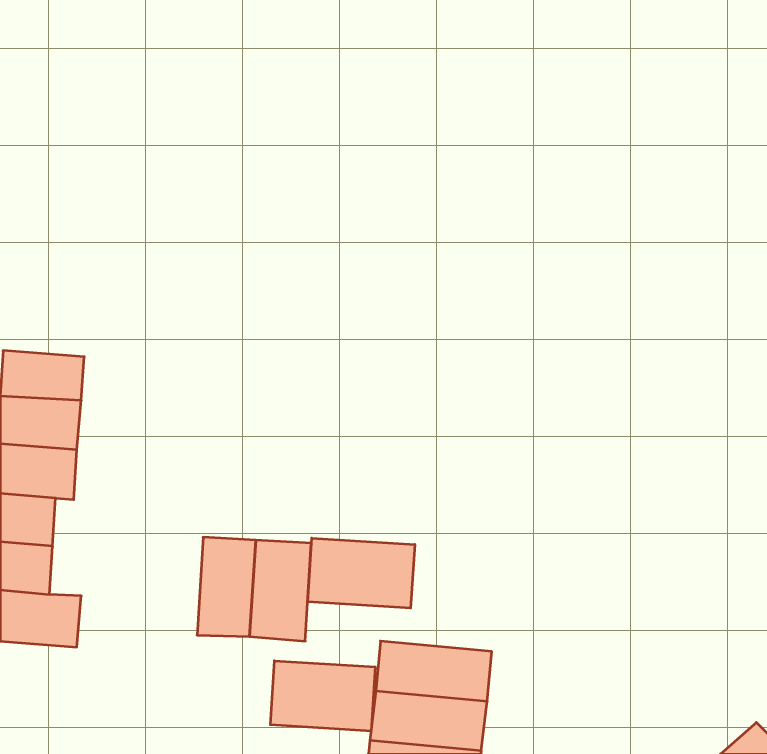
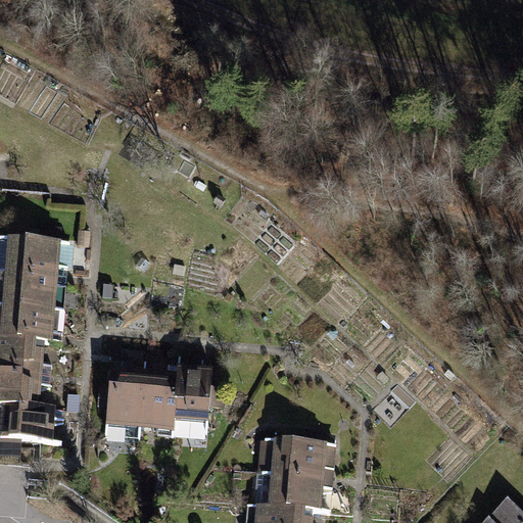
building: none -> [106,364,139,431]
building: [308,538,415,608] -> none
building: [270,661,375,731] -> none

